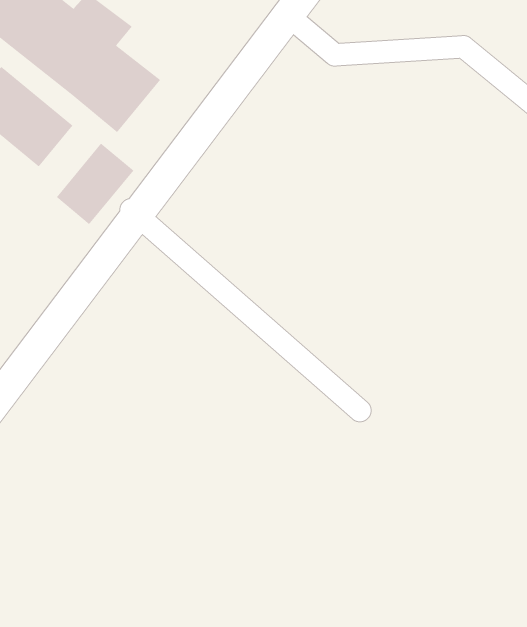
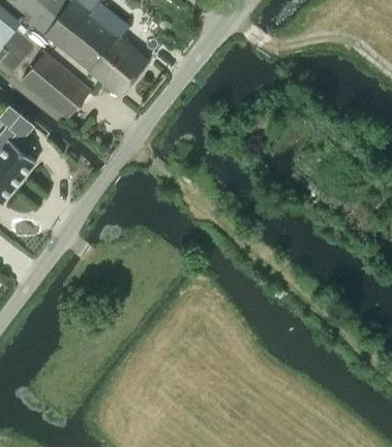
building: [56,142,134,225] -> none

